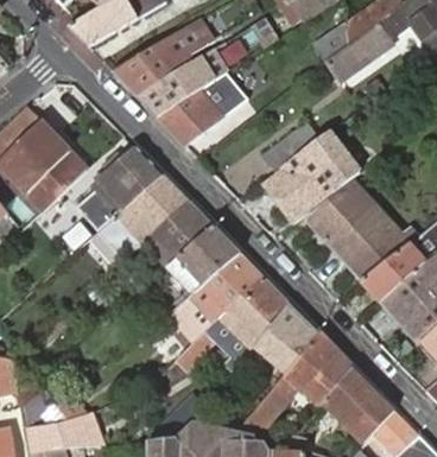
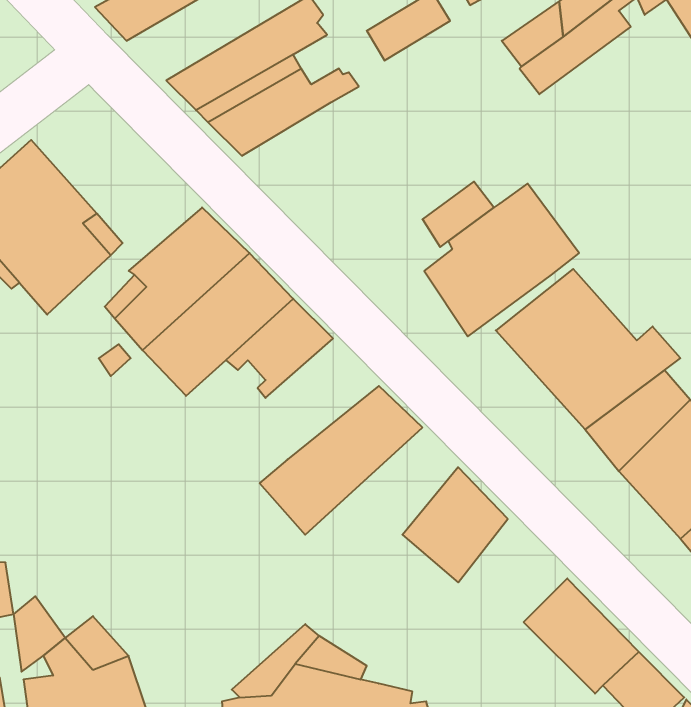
building: [157,72,249,144] -> none
building: [169,224,239,297] -> none
building: [177,278,286,372] -> none
building: [239,332,352,436] -> none

